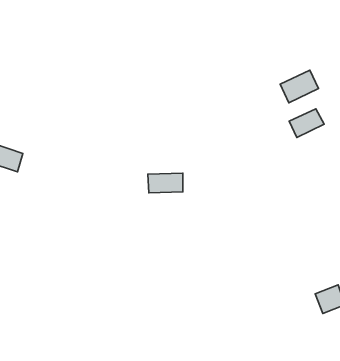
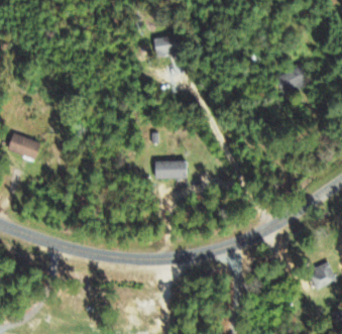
building: none -> [154,35,181,55]
building: [289,109,324,137] -> none

